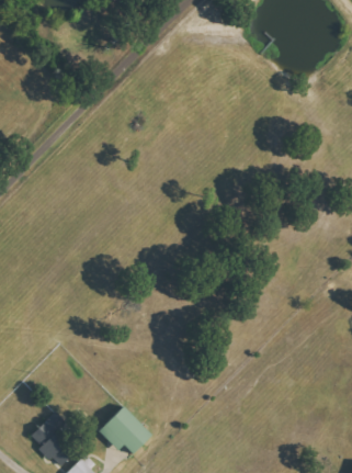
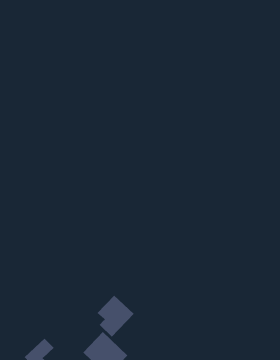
building: none -> [97,295,134,338]

